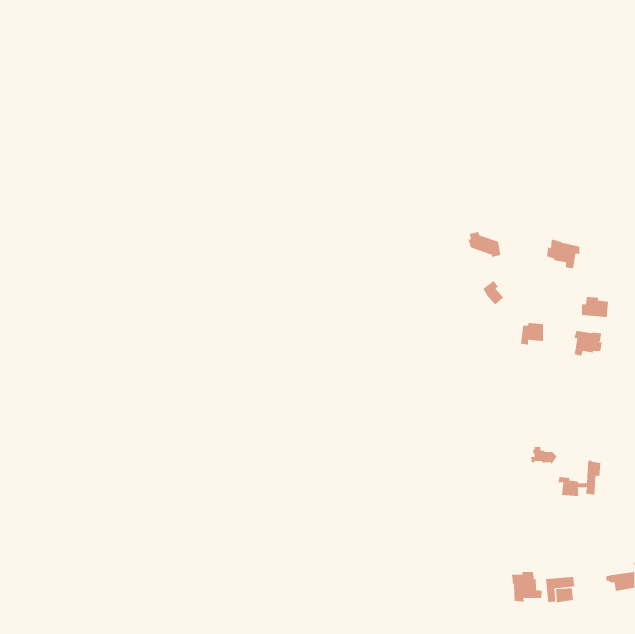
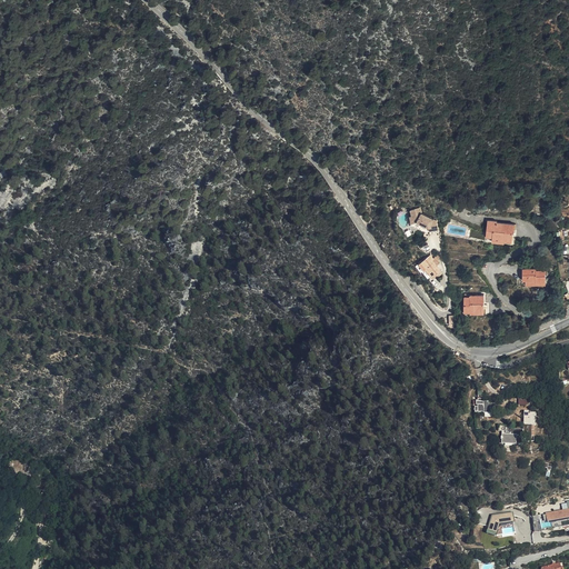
building: [573,330,603,357] -> none
building: [512,571,542,603] -> none

